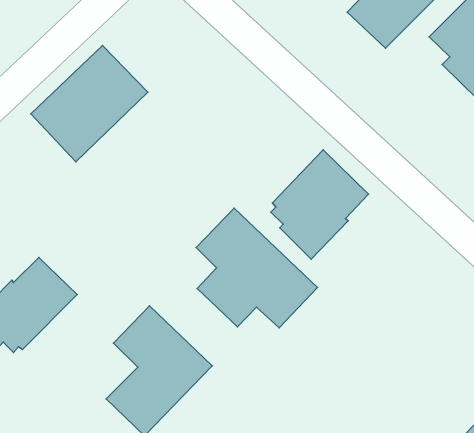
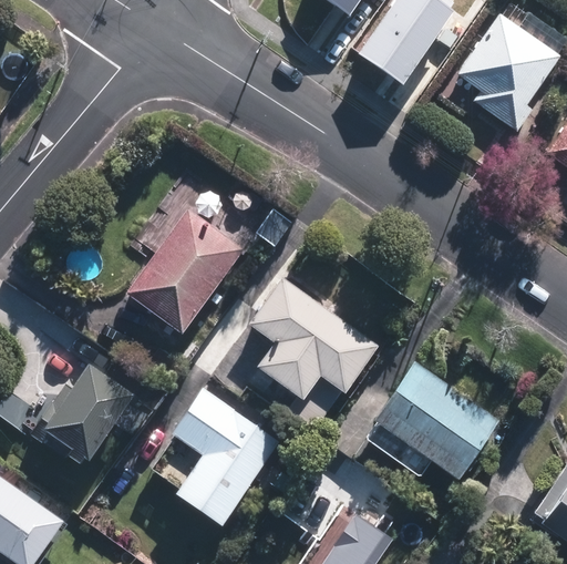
building: [31,46,148,162] -> [123,208,240,332]
building: [271,150,368,259] -> none
building: none -> [372,363,498,482]

